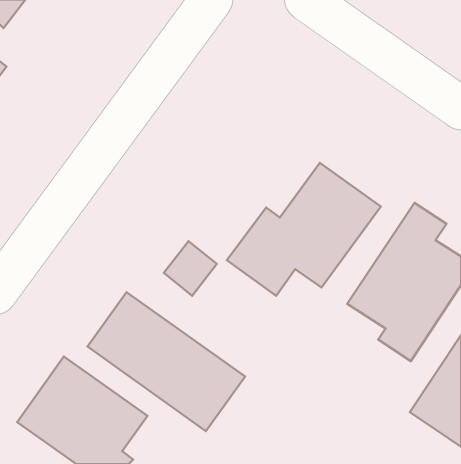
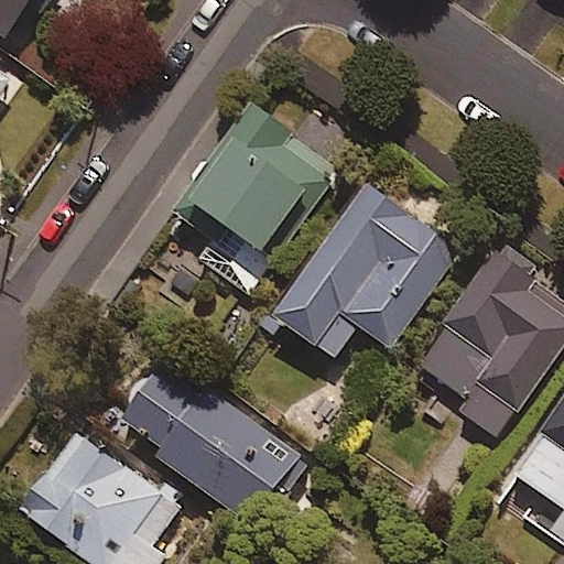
building: none -> [171,97,344,297]

